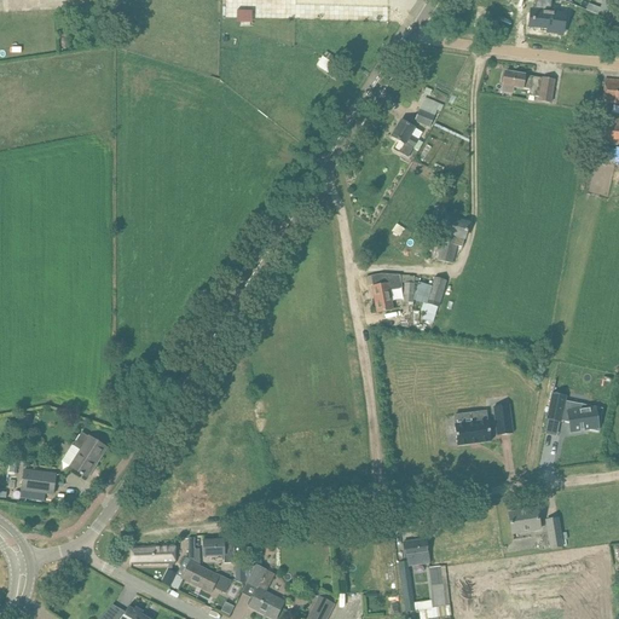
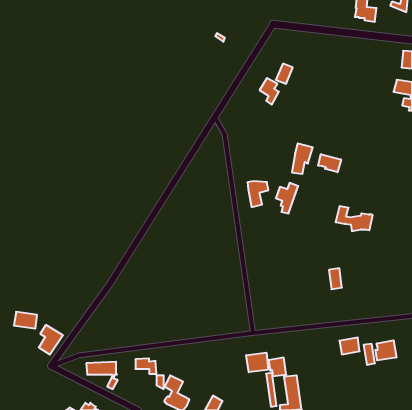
building: [501,70,555,102] -> none
building: none -> [318,154,341,172]
building: [546,393,602,430] -> [336,206,373,231]
building: [455,418,491,444] -> none
building: [70,430,106,475] -> [39,325,63,355]
building: none -> [376,340,396,360]
building: none -> [246,353,268,372]
building: [175,555,231,591] -> none

